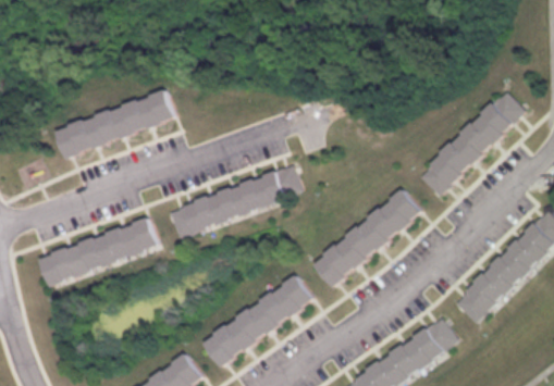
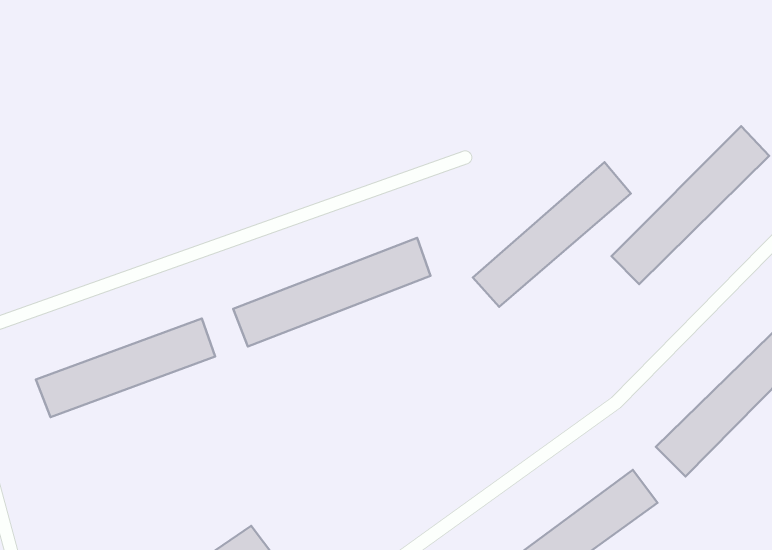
building: [60,91,177,157] -> none
building: [317,189,421,285] -> [473,162,631,307]
building: [204,276,312,365] -> none

